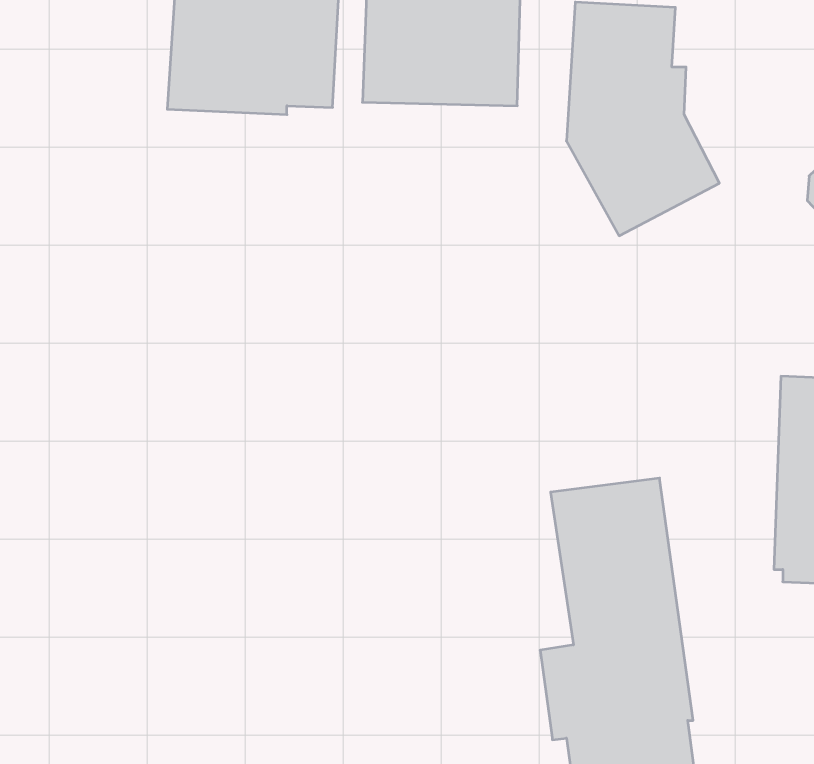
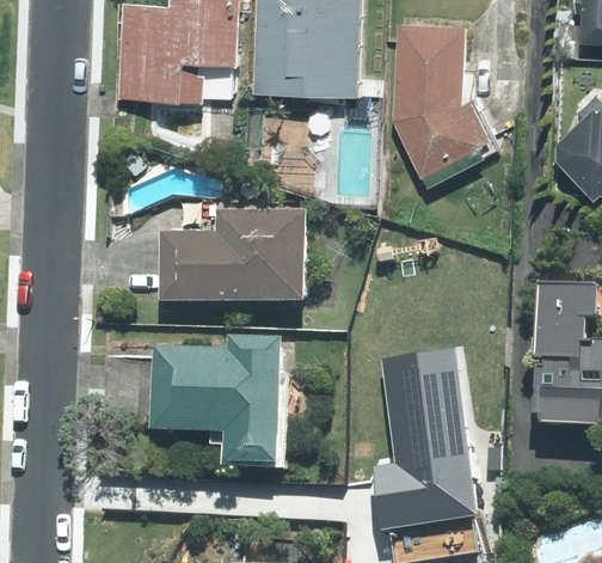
building: none -> [161,210,303,299]
building: none -> [150,333,288,467]

